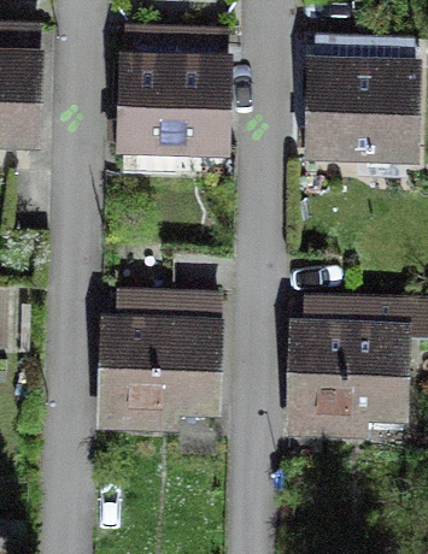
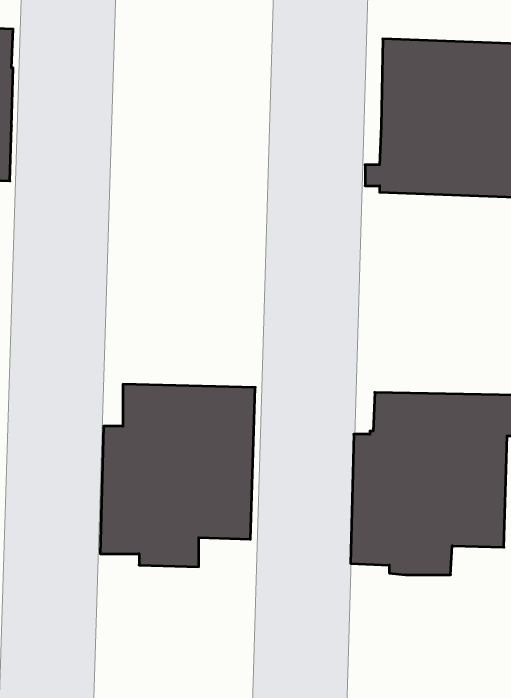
building: [112,34,224,151] -> none

